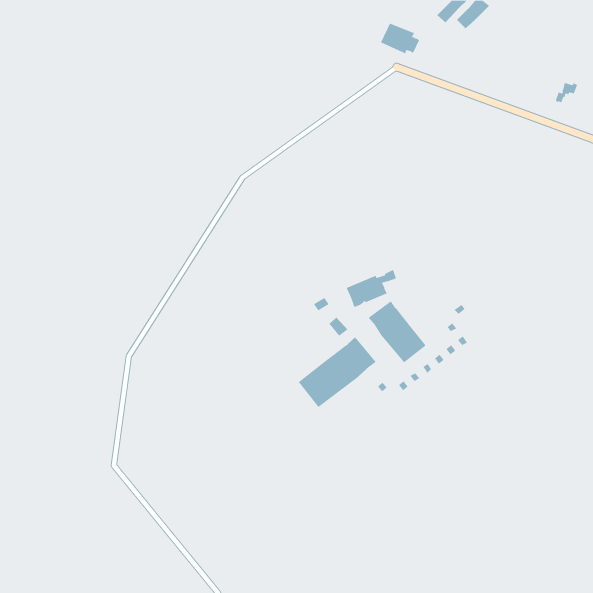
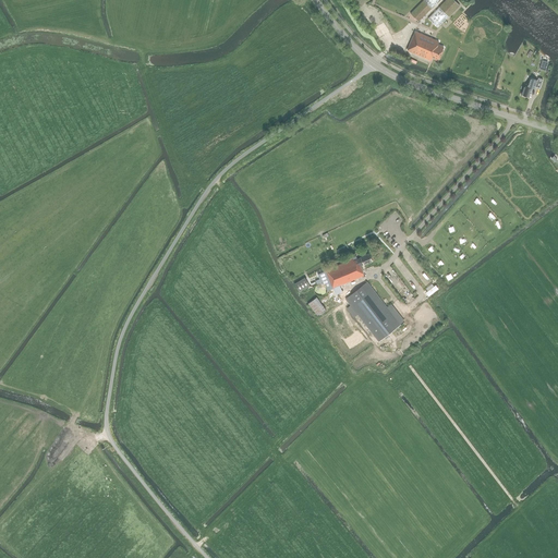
building: [380,23,420,54] -> [407,32,444,61]
building: [298,337,377,408] -> none

